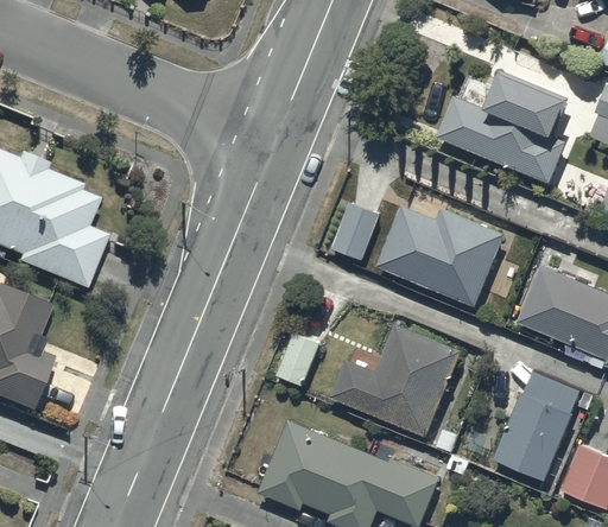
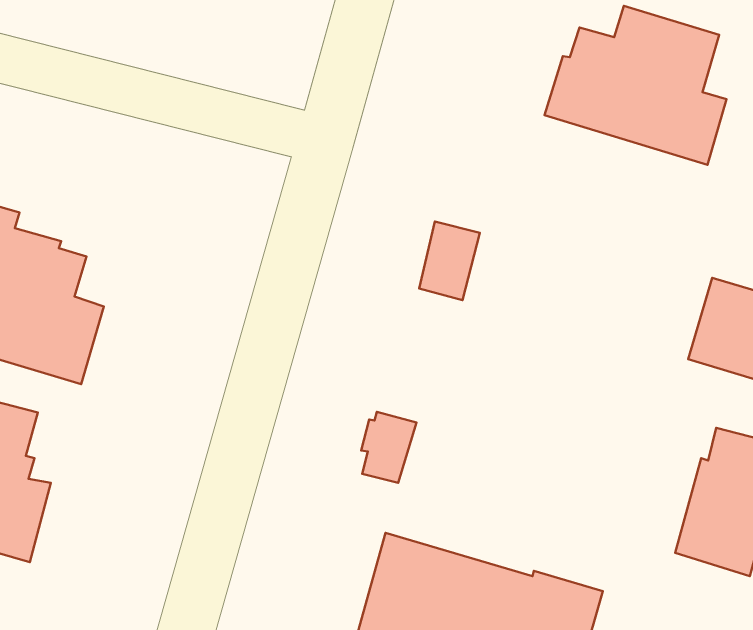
building: [375,204,502,306] -> none
building: [330,323,461,436] -> none

